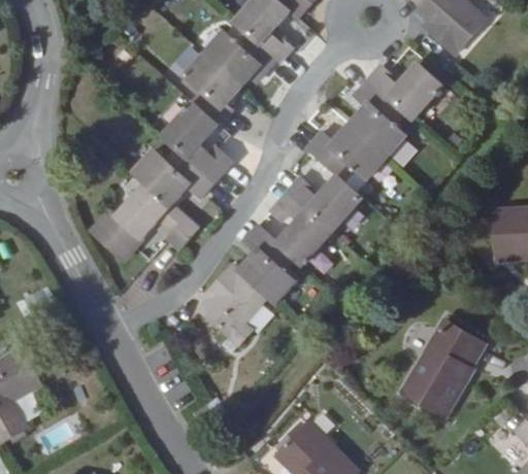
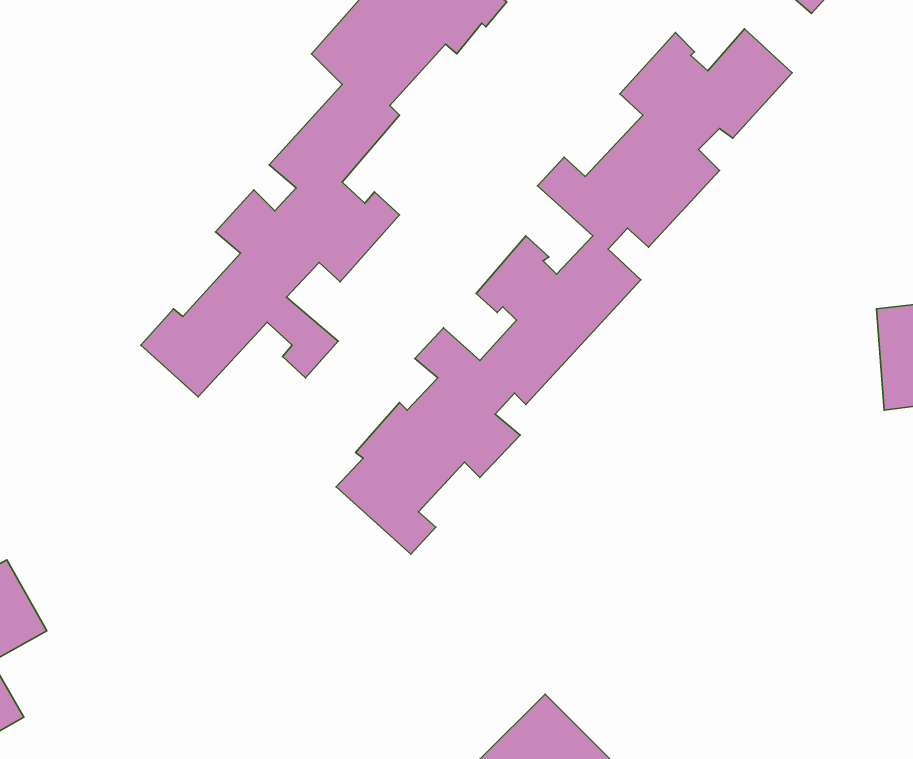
building: [401,317,487,416] -> none

